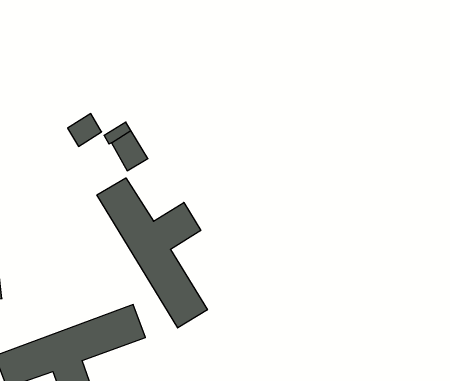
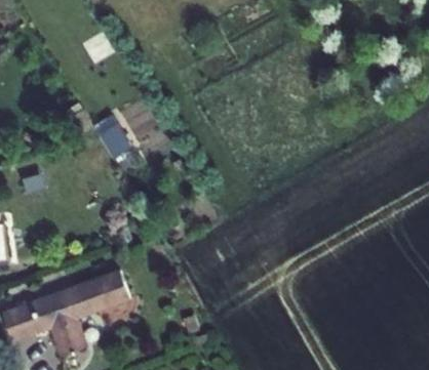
building: [97,178,207,328] -> none

